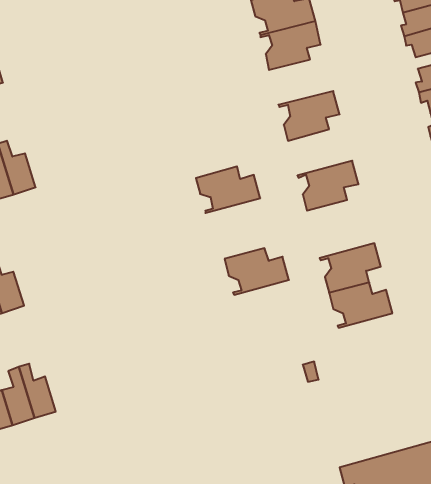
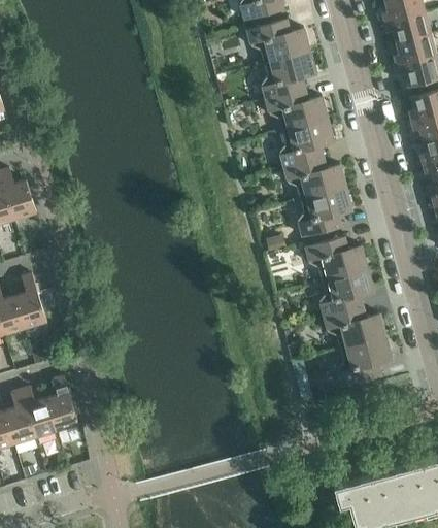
building: none -> [265,88,328,132]
building: [196,166,260,213] -> [283,156,346,201]
building: [225,248,289,295] -> [305,236,368,282]
building: none -> [15,272,47,328]
building: none -> [333,335,392,385]
building: none -> [46,375,79,431]

